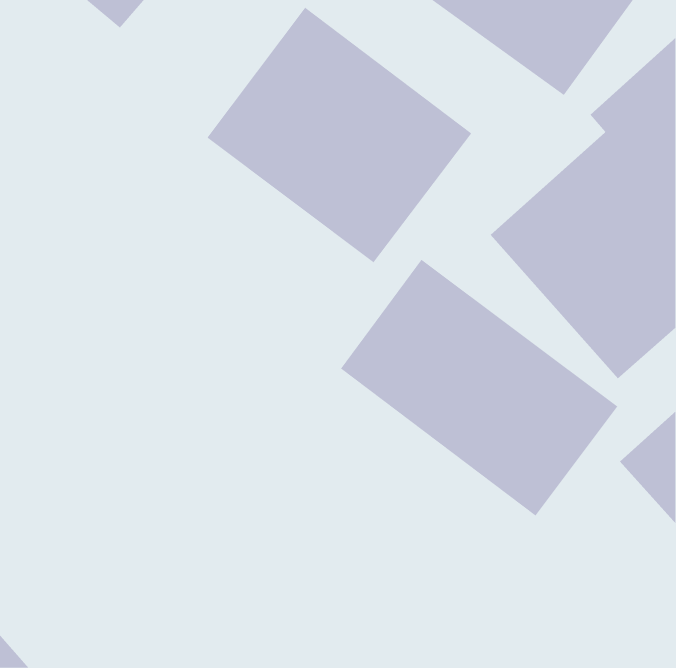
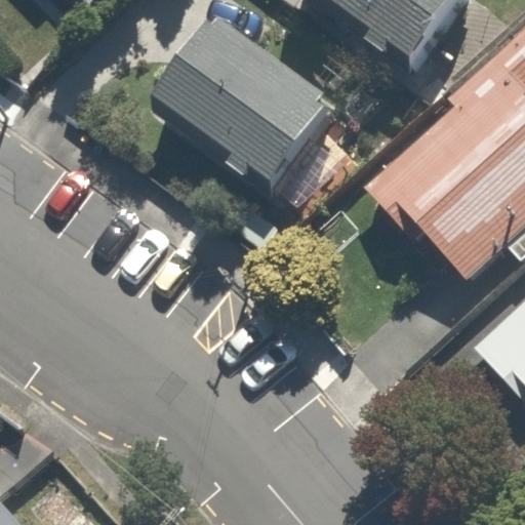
building: [340,259,618,516] -> none

